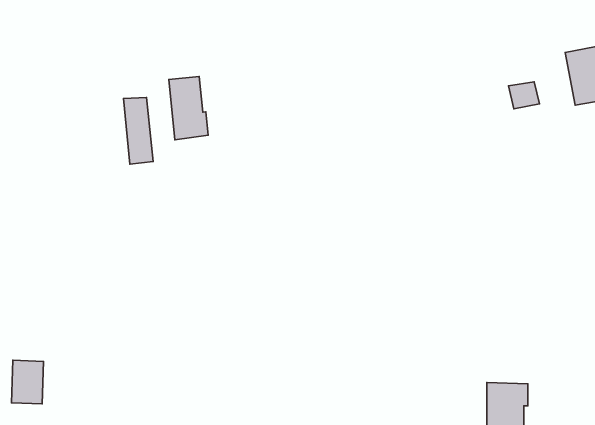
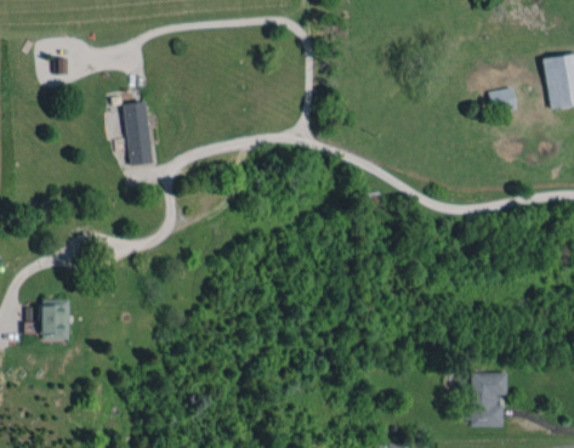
building: [169,76,208,140] -> none
building: [11,360,44,404] -> [40,299,70,340]

